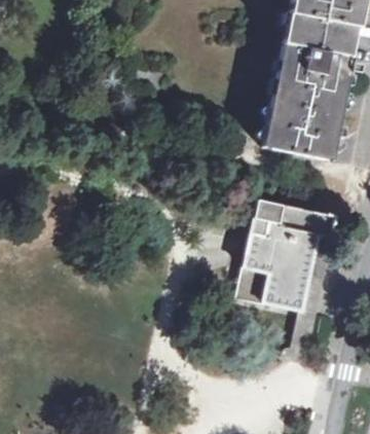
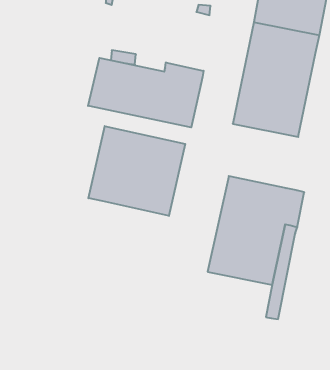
building: none -> [88,58,204,127]
building: none -> [88,126,185,216]

